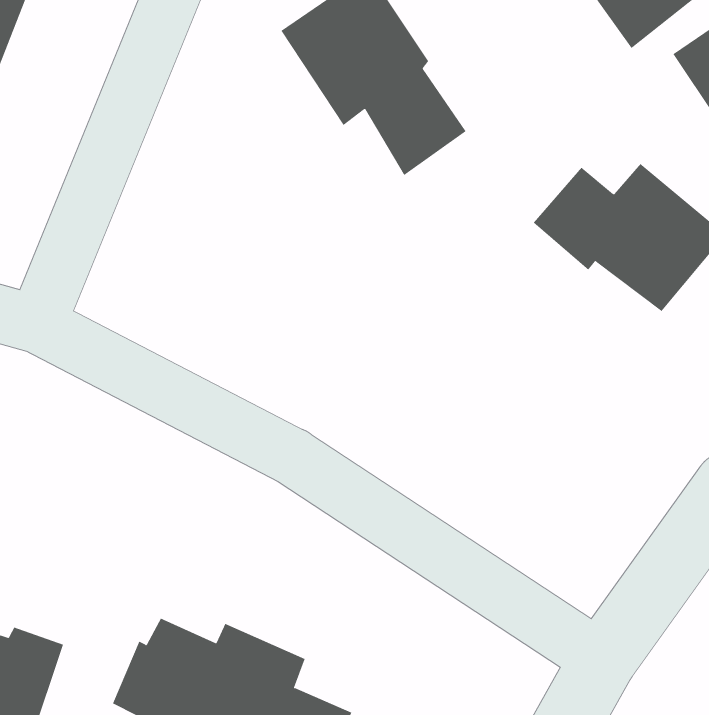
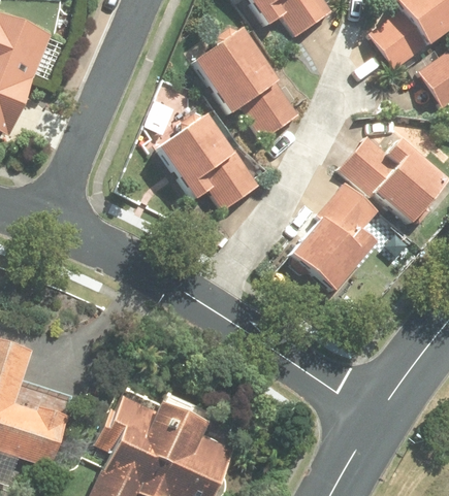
building: none -> [153,111,260,210]
building: none -> [292,179,381,289]

